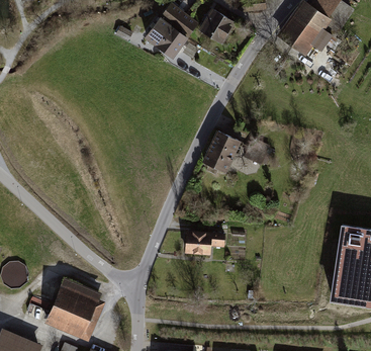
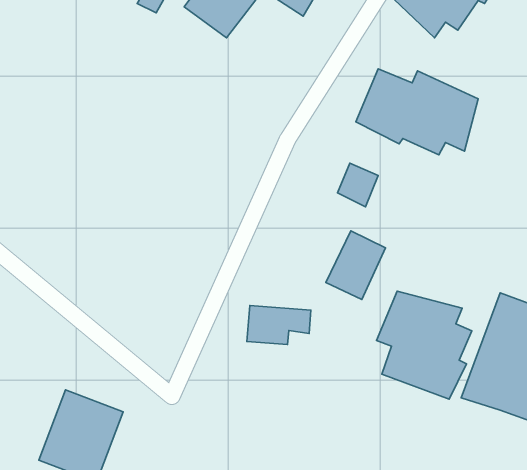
building: none -> [356,69,478,155]
building: [201,128,240,173] -> [326,231,385,300]
building: none -> [376,291,472,399]

